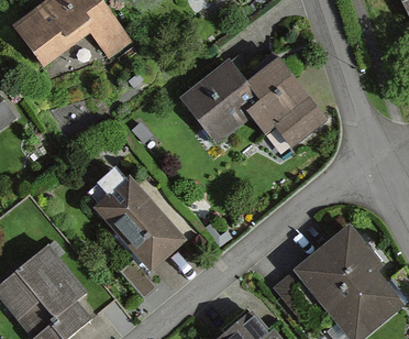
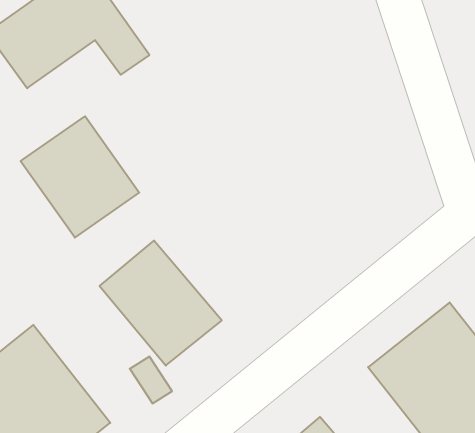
building: [181,57,330,156] -> none
building: none -> [21,116,139,238]

